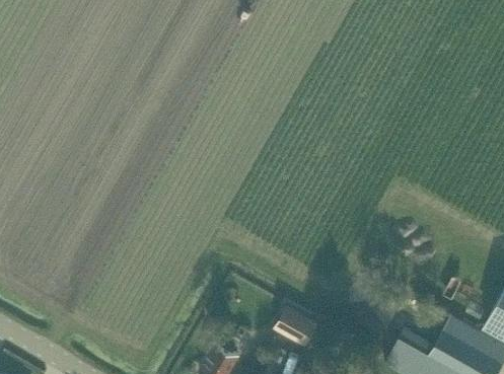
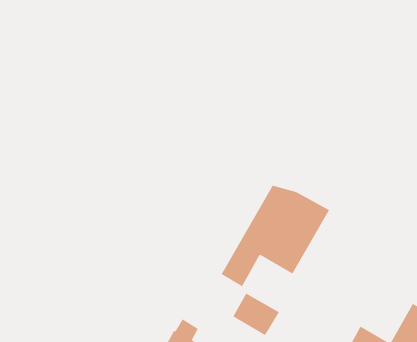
building: none -> [221,185,330,287]

